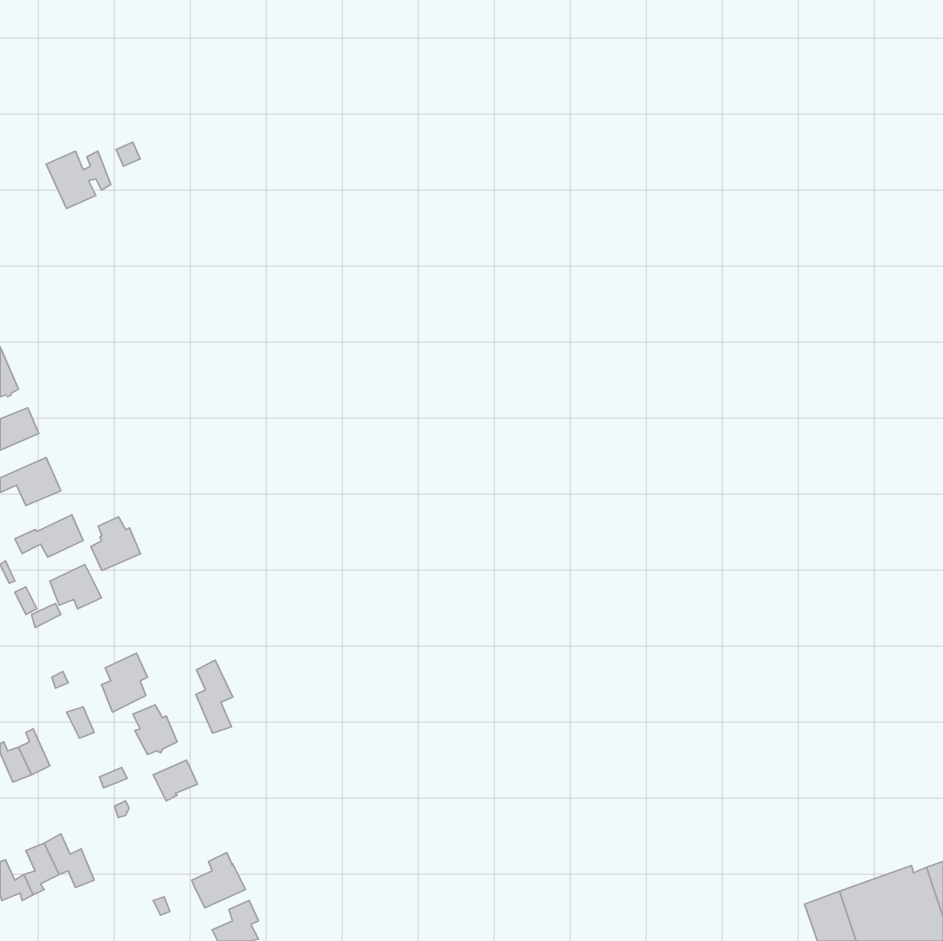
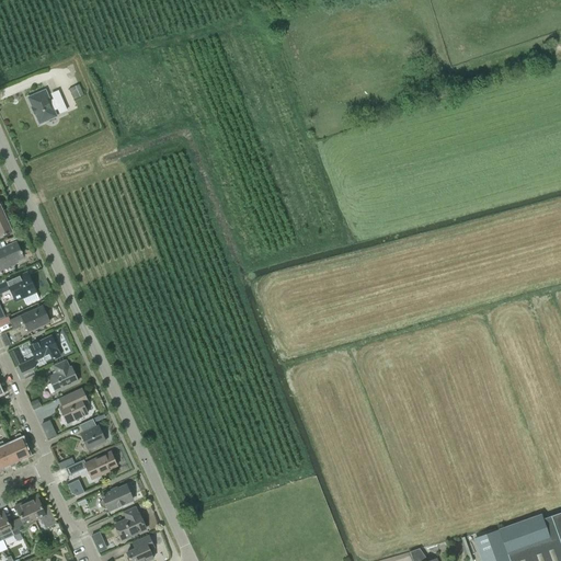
building: [91,517,141,570] -> [48,359,78,391]
building: [196,660,233,733] -> none
building: none -> [101,485,133,510]

